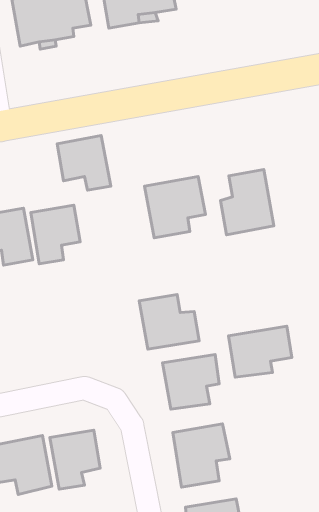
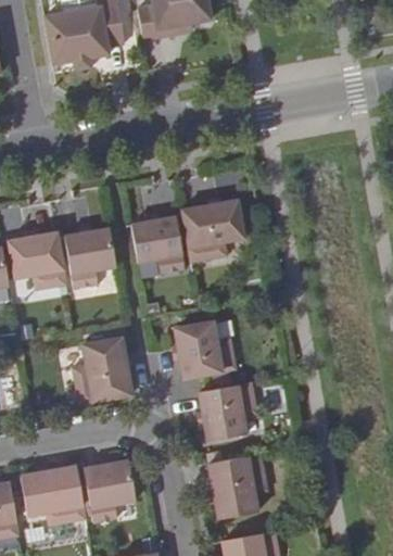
building: [57,136,111,190] -> [129,215,185,271]
building: [220,169,274,235] -> none
building: none -> [67,341,130,404]
building: [229,326,292,377] -> none

